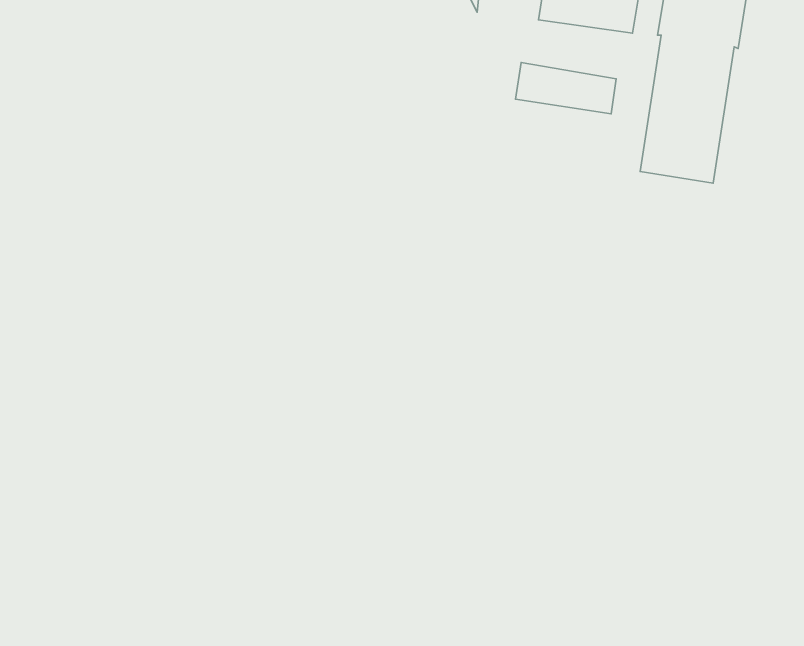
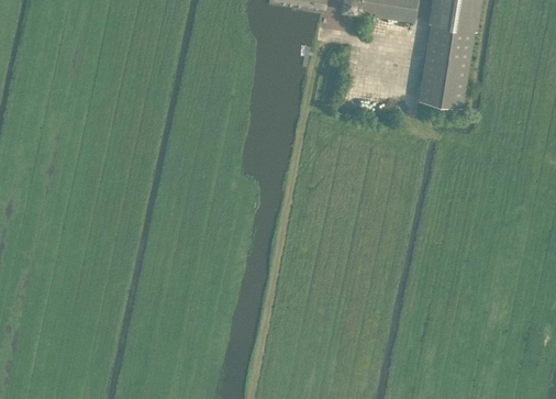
building: [515,62,616,114] -> none

